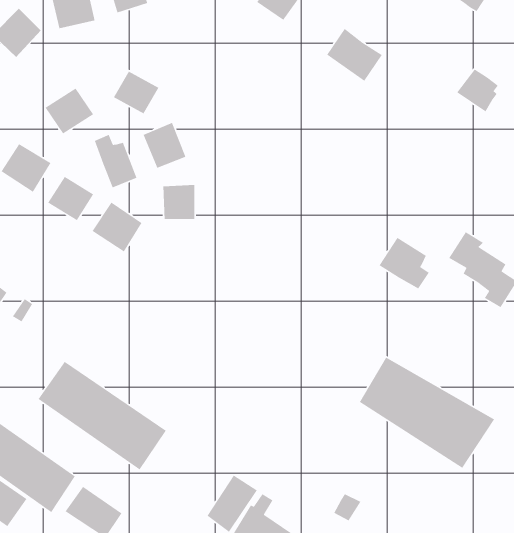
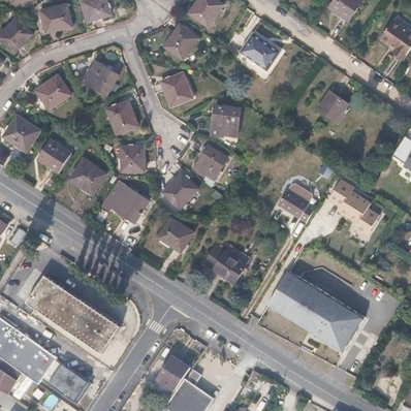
building: none -> [163,23,198,59]
building: [456,68,499,113] -> [316,91,347,123]
building: none -> [160,71,192,105]
building: none -> [211,104,240,135]
building: [94,134,138,188] -> none
building: none -> [195,146,226,178]
building: none -> [162,171,197,207]
building: none -> [102,184,148,221]
building: none -> [158,217,192,251]
building: none -> [203,244,249,282]

